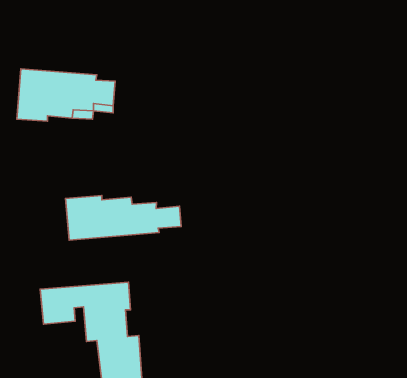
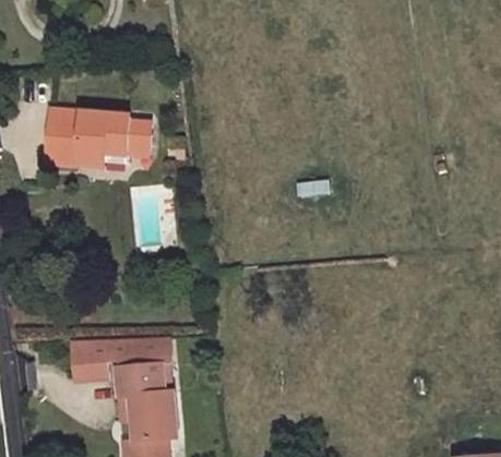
building: [66,196,181,240] -> none

